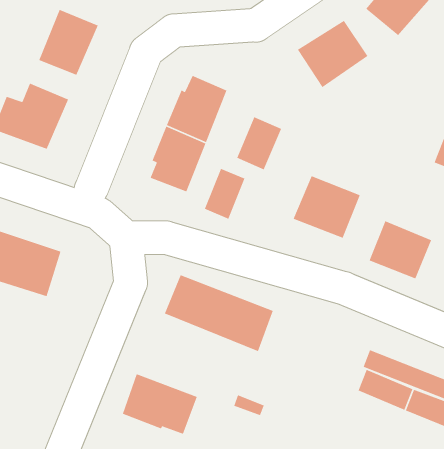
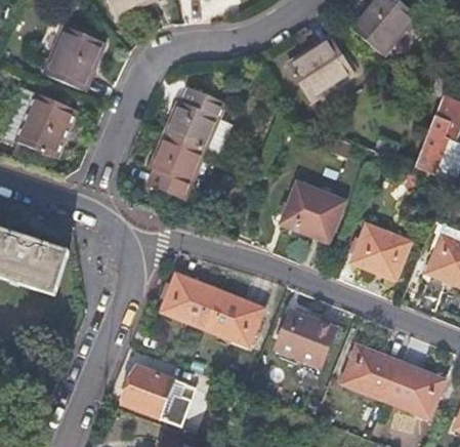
building: [236,116,282,170] -> none
building: [204,168,245,220] -> none
building: none -> [277,313,334,368]

